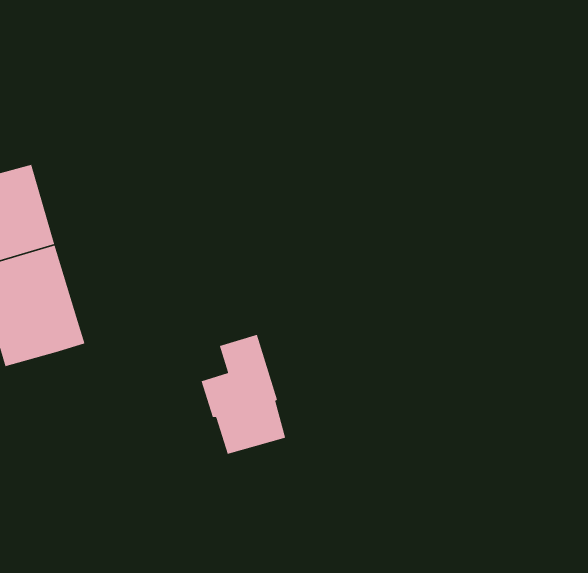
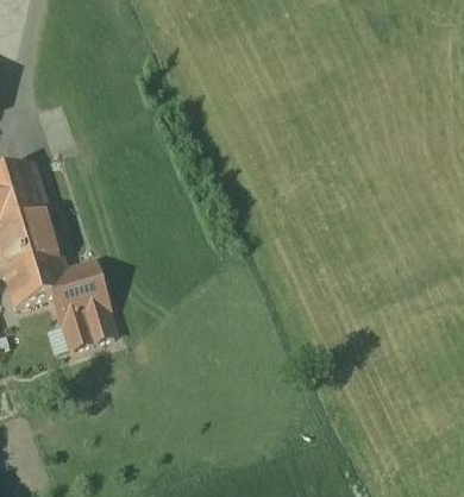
building: [200,334,286,455] -> [51,259,112,345]

